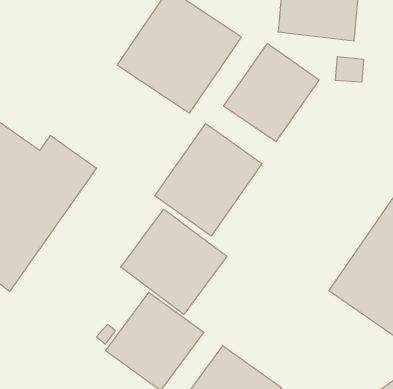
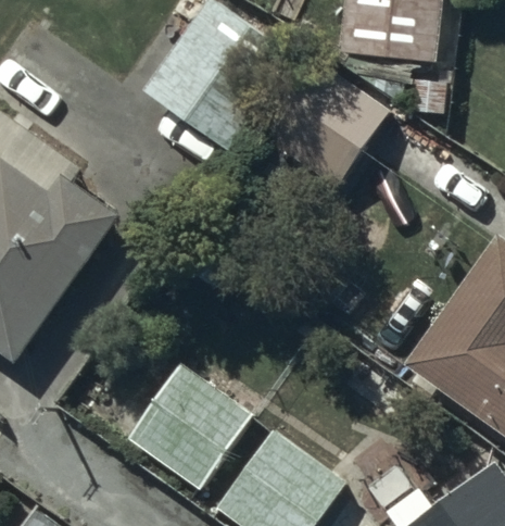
building: [155,123,262,236] -> none
building: [121,209,227,314] -> none

